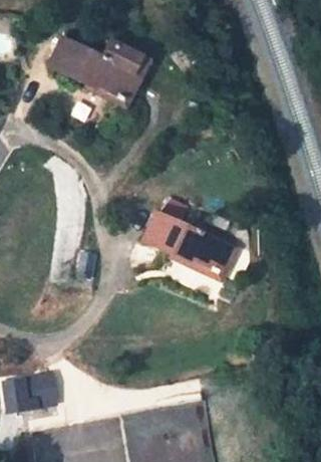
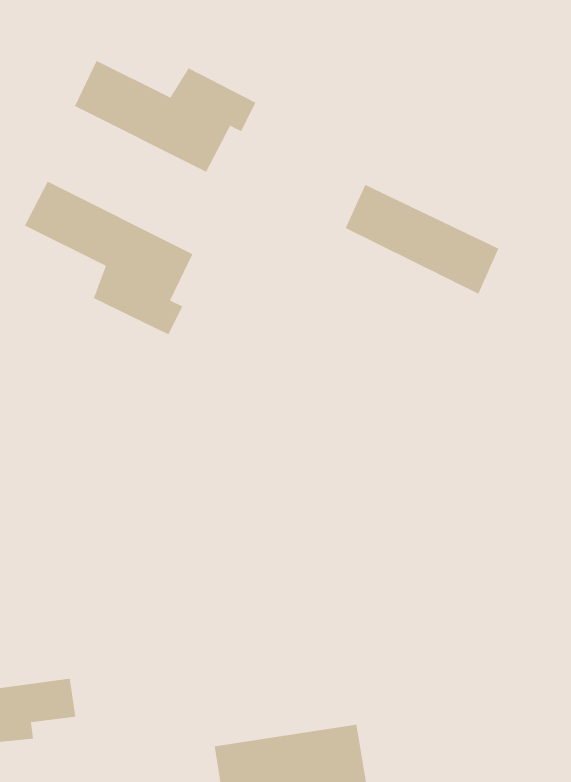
building: none -> [24,181,193,335]
building: [144,212,229,272] -> [345,184,499,295]

